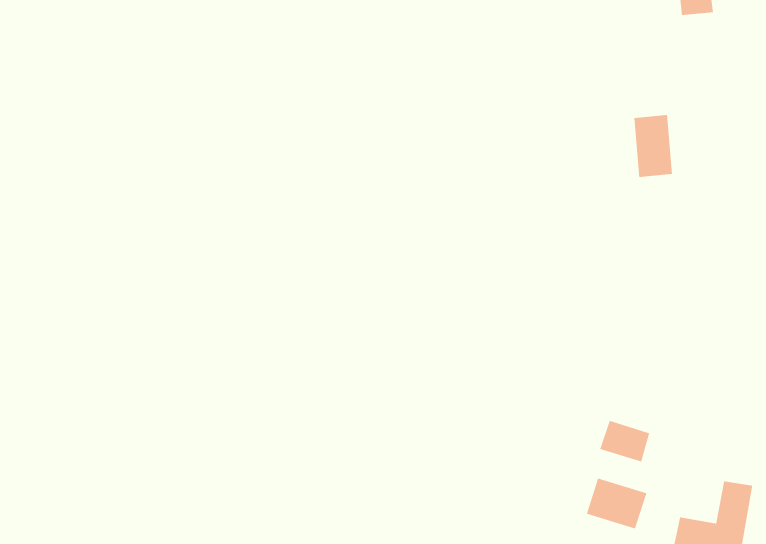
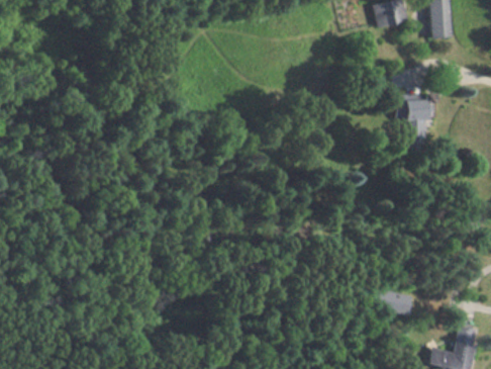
building: [586,477,647,530] -> none

